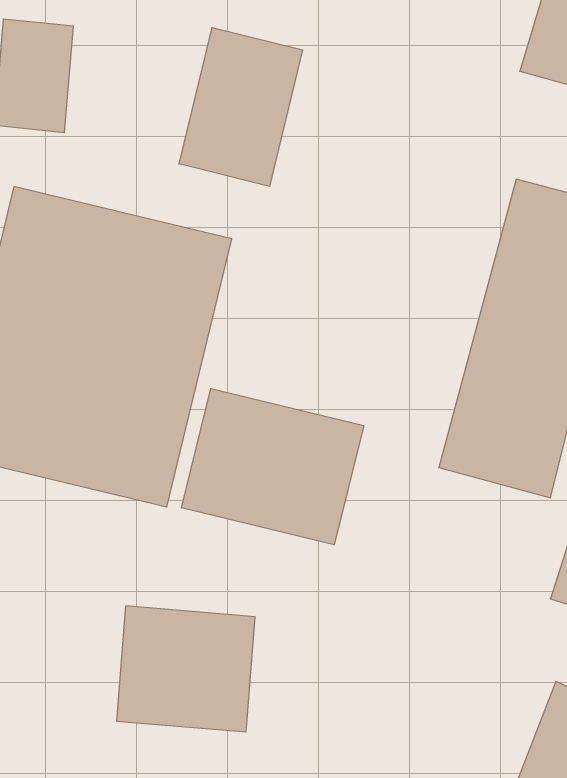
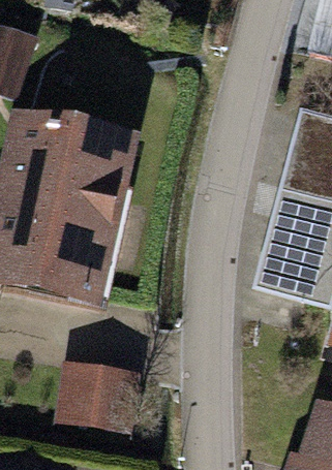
building: [179,27,302,186] -> none
building: [181,389,364,545] -> none

